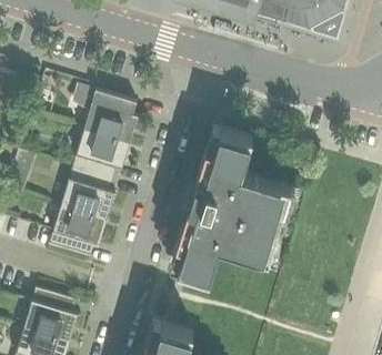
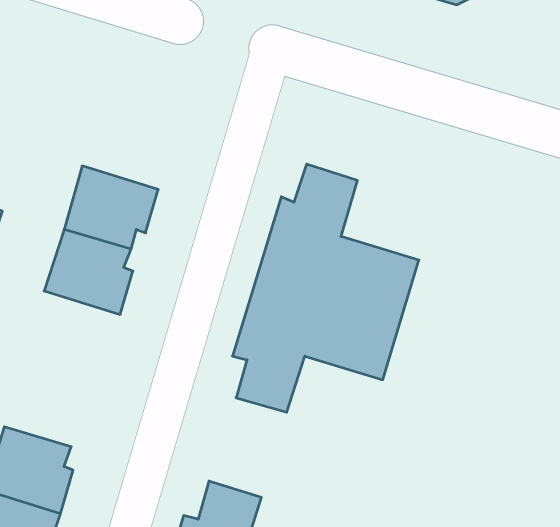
building: [83,89,138,142] -> none
building: [49,204,107,256] -> none

